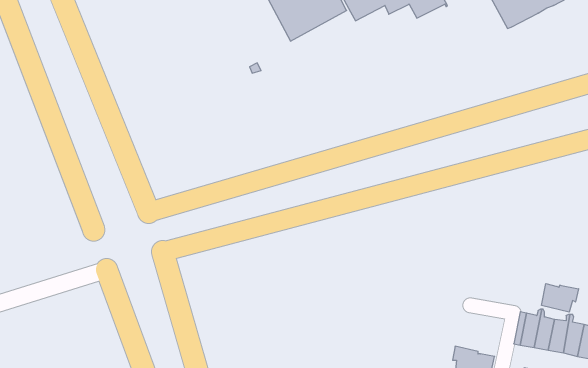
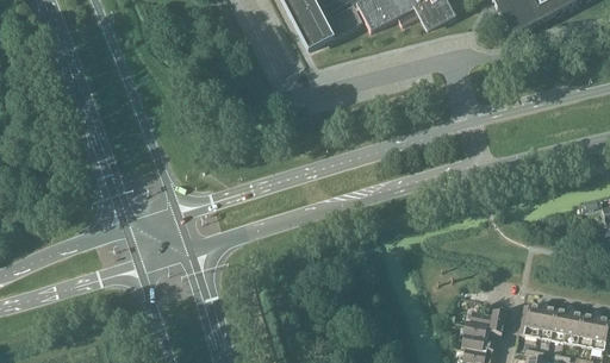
building: [542,284,579,312] -> none
building: none -> [463,308,506,337]

